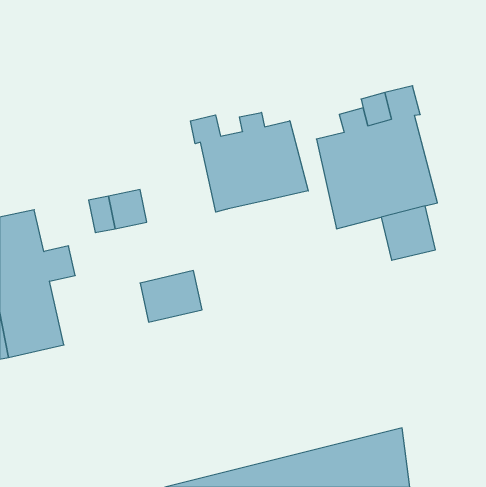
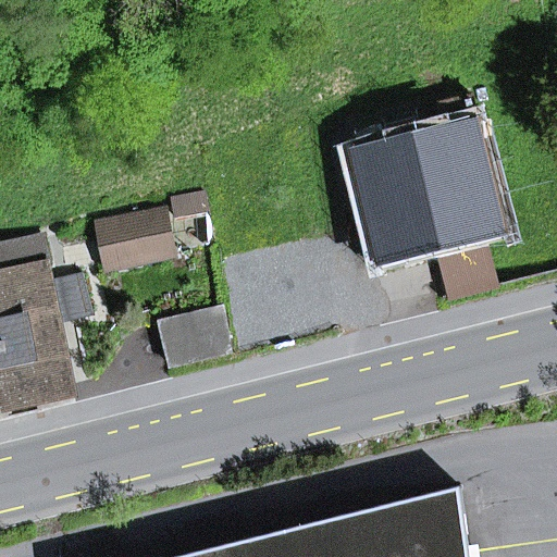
building: [190,112,308,212] -> none

